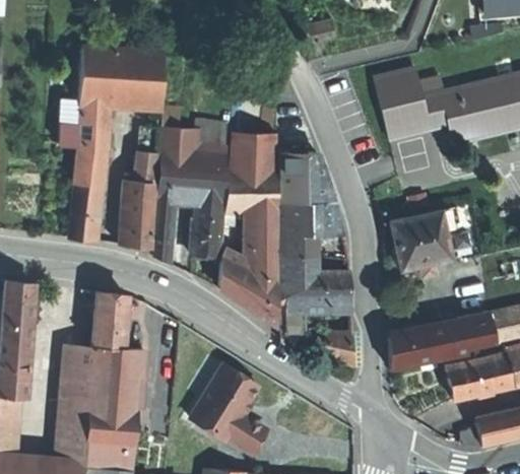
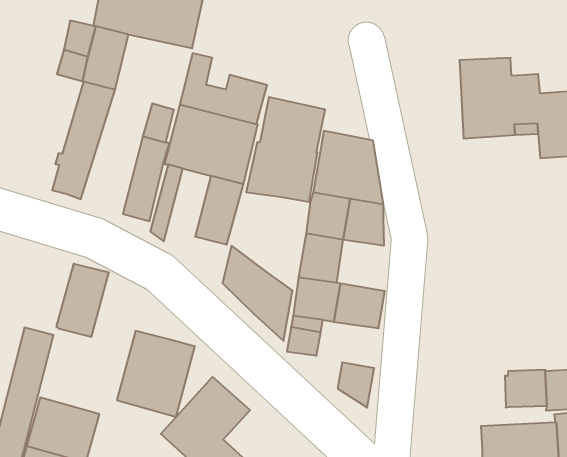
building: [391,208,459,269] -> none
building: [253,211,277,284] -> none
building: [389,323,467,368] -> none
building: [89,347,144,410] -> [117,331,195,417]

